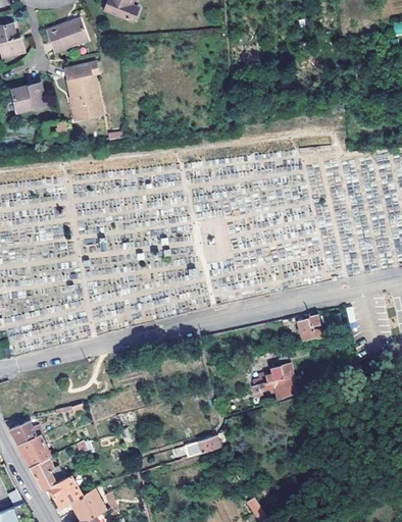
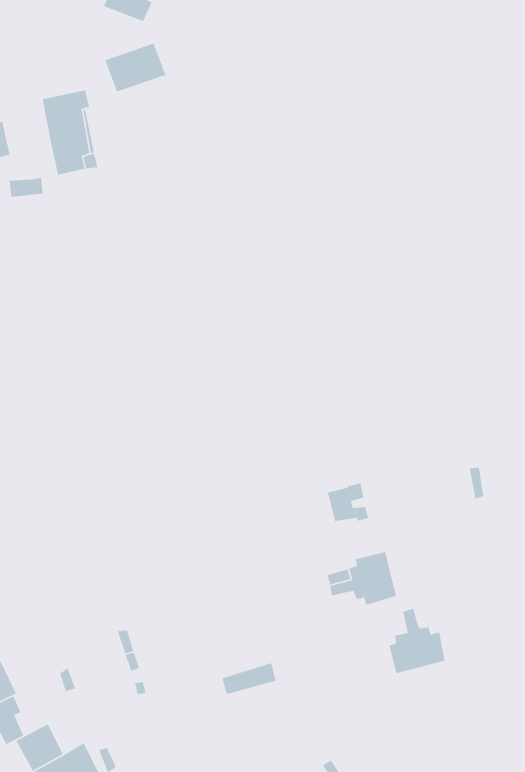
building: [44,17,85,50] -> [104,43,167,93]
building: [296,314,323,340] -> [327,483,369,522]
building: none -> [388,608,445,674]

